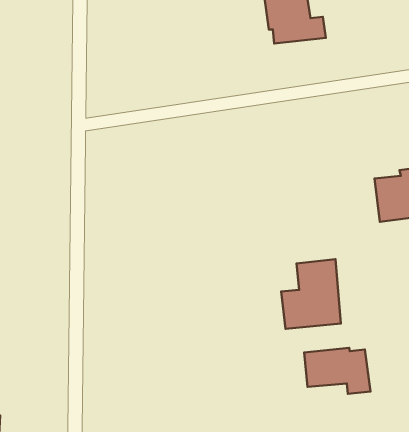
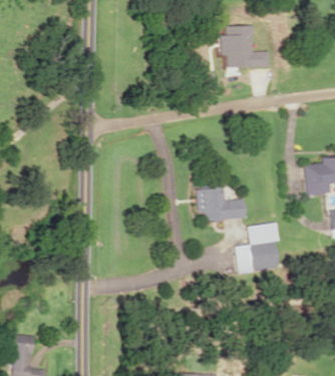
building: none -> [198,177,246,222]
building: [304,348,370,394] -> none

